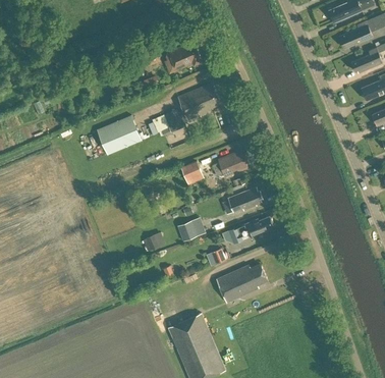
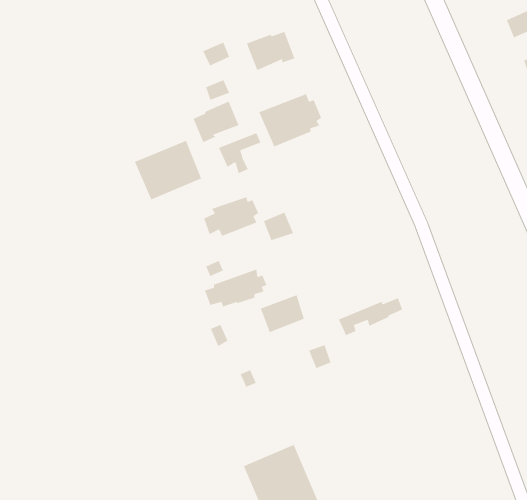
building: none -> [192,101,240,143]
building: [212,152,249,178] -> [203,196,259,237]
building: [221,187,263,213] -> [204,268,268,307]
building: [215,266,267,304] -> none

